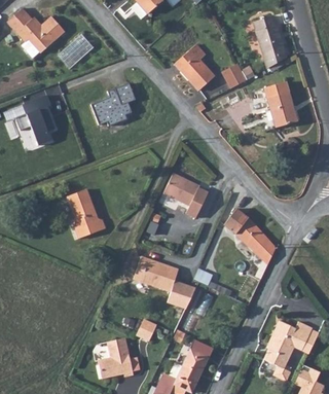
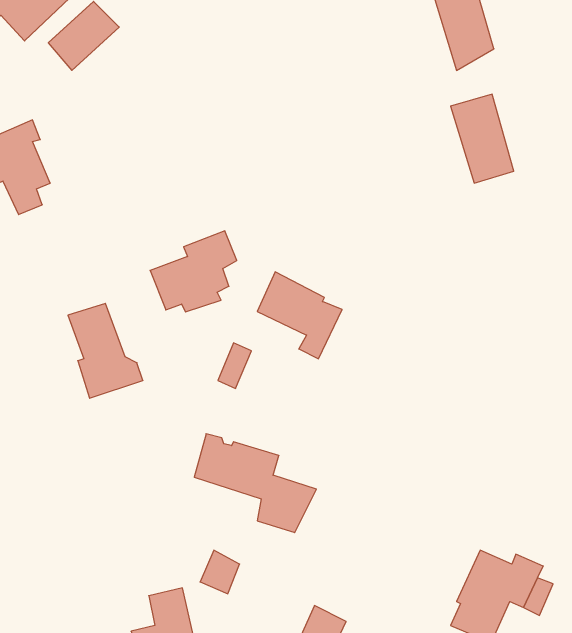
building: [176,44,216,91] -> none
building: [222,62,249,88] -> none
building: [88,82,134,124] -> [150,231,237,312]
building: [226,204,276,262] -> none

